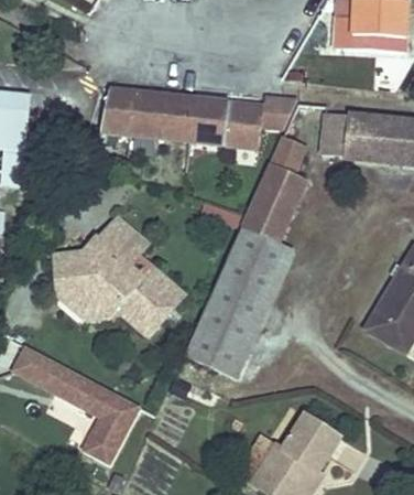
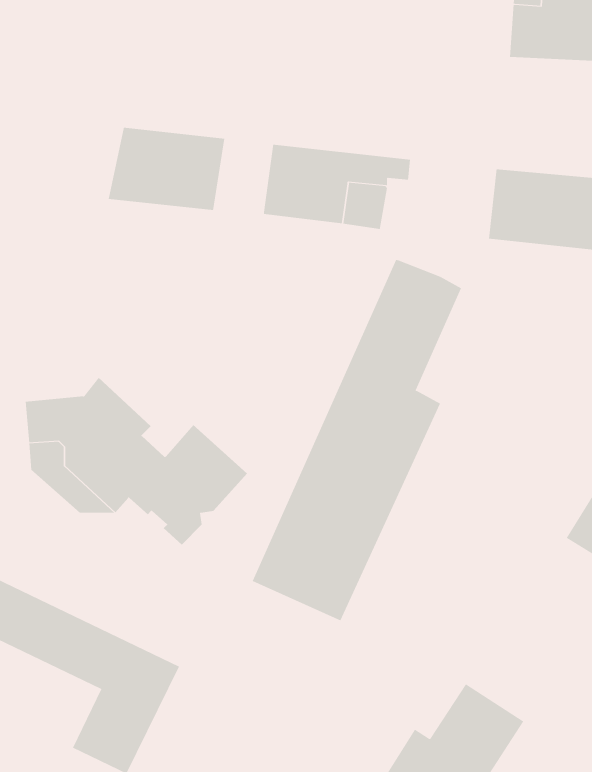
building: [162,96,196,140] -> none
building: [268,104,312,176] -> none
building: [95,211,150,281] -> none

